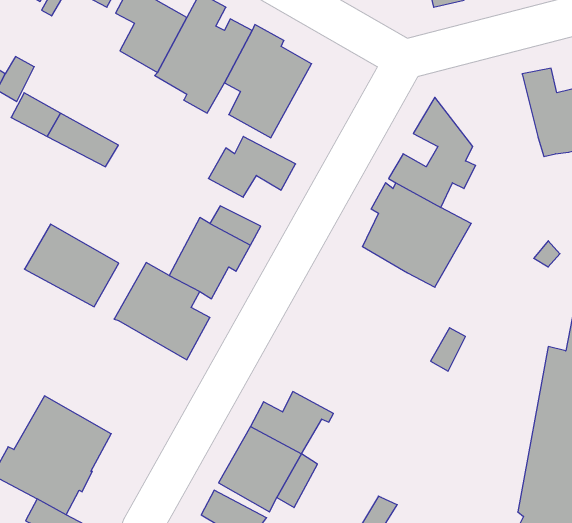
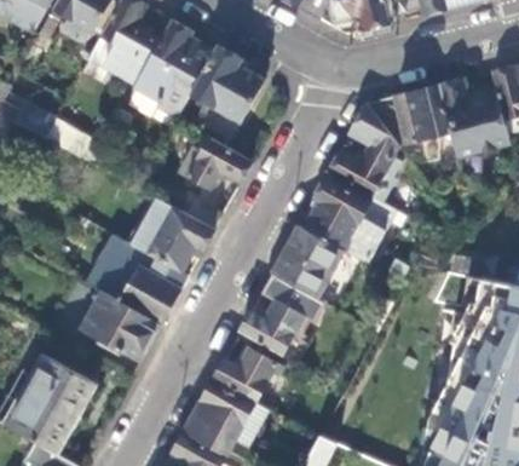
building: none -> [365,85,451,149]
building: [24,224,119,307] -> [80,290,158,359]
building: none -> [271,225,342,301]
building: none -> [238,301,302,356]

